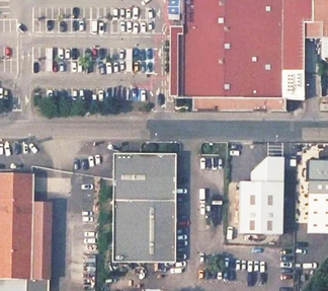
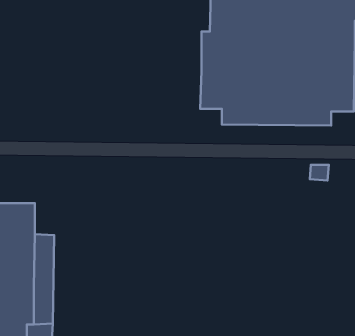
building: [112,154,175,263] -> none
building: [239,158,283,234] -> none

